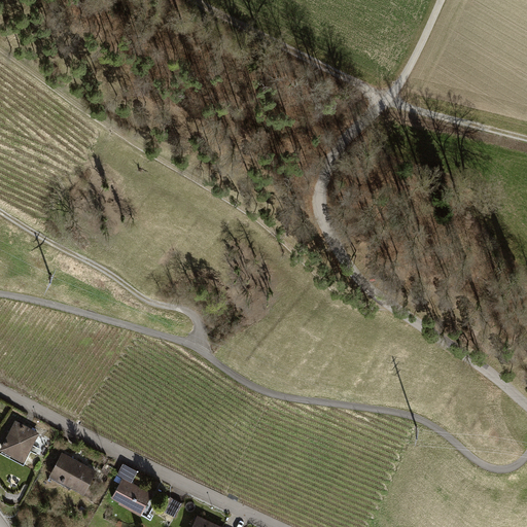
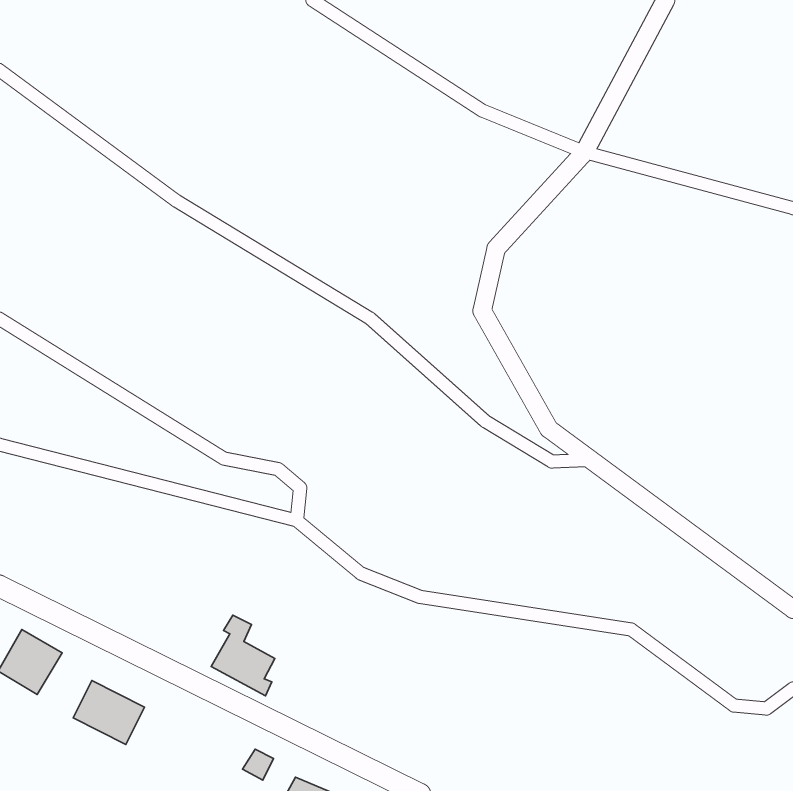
building: [109,466,151,520] -> [211,615,275,696]

